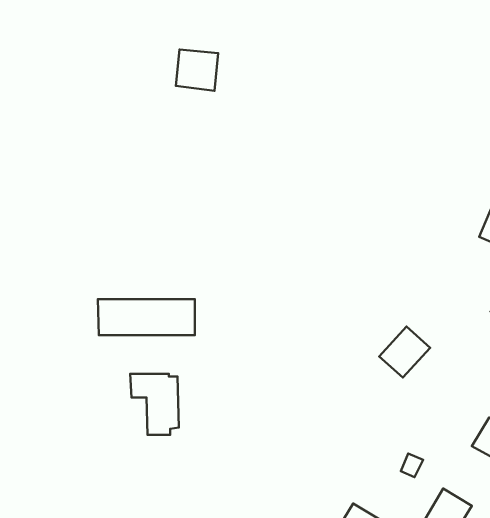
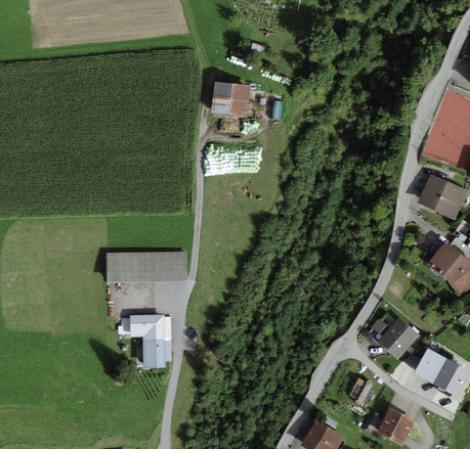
building: [176,50,218,91] -> [215,82,250,116]
building: [379,326,430,378] -> [377,317,419,359]

